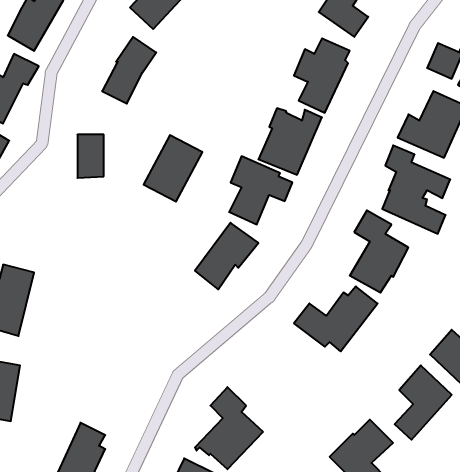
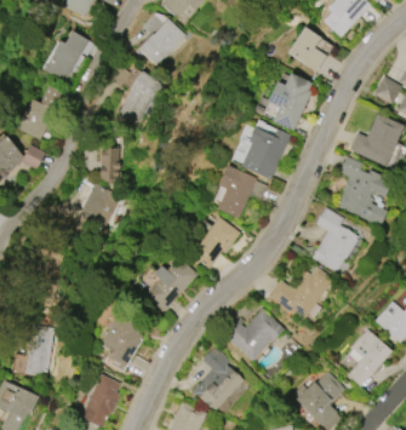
building: [144,135,202,202] -> [74,183,120,235]
building: none -> [144,257,198,311]
building: none -> [101,305,144,368]
building: none -> [224,308,284,361]

